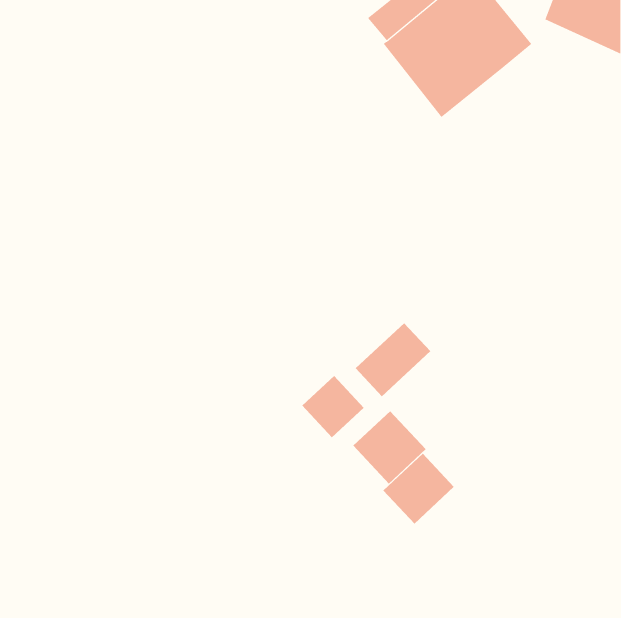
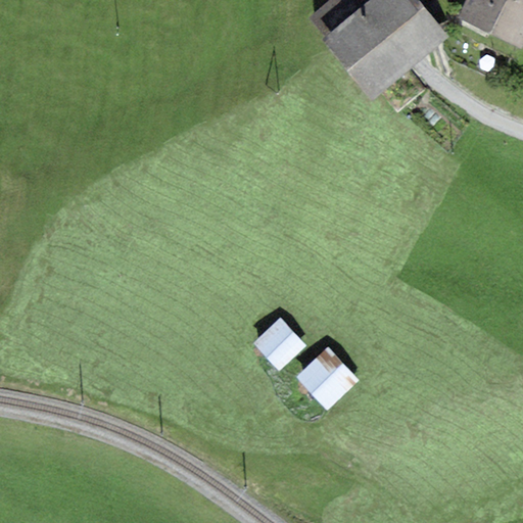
building: [355,322,431,397] -> none
building: [383,453,455,524] -> none

